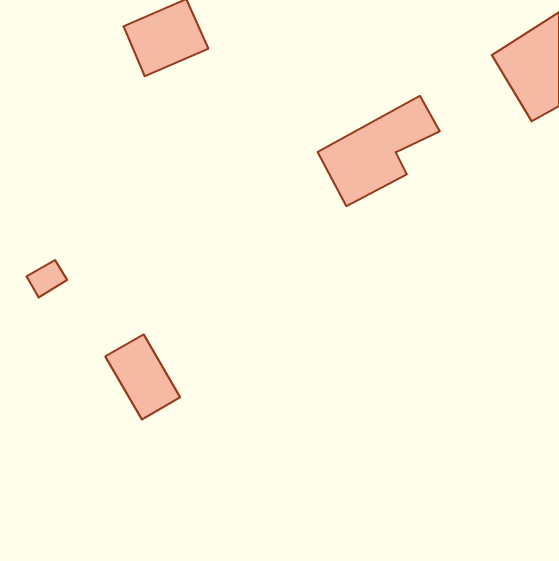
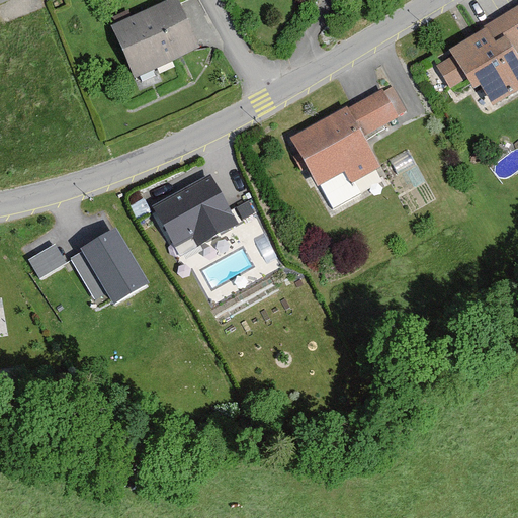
building: none -> [150,172,234,242]
building: [105,335,180,419] -> [78,222,147,299]

